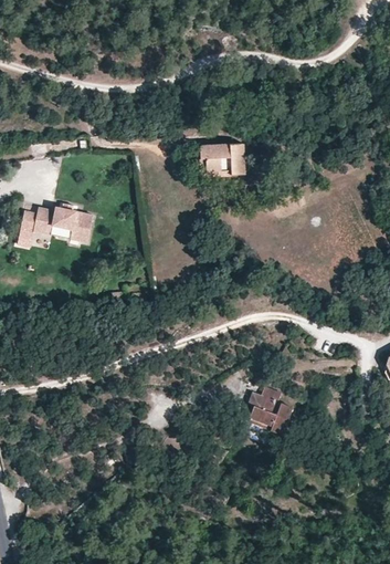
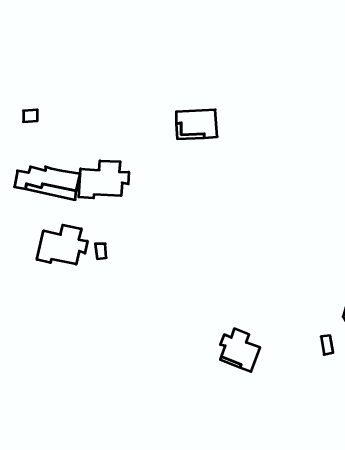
building: none -> [79,161,129,198]
building: none -> [37,225,87,264]

